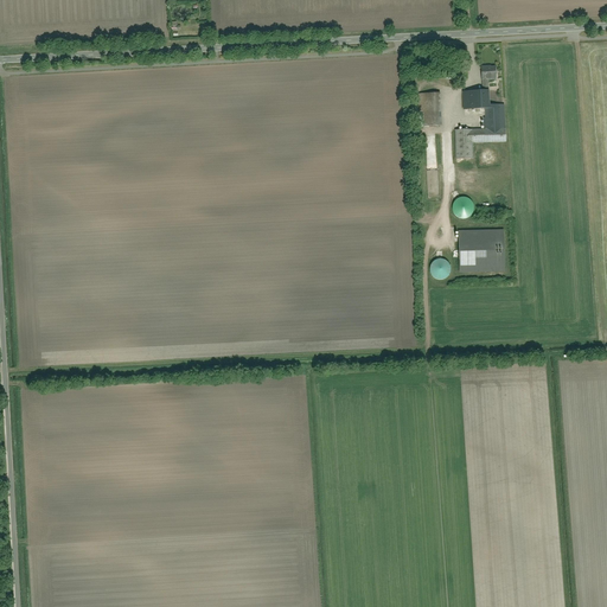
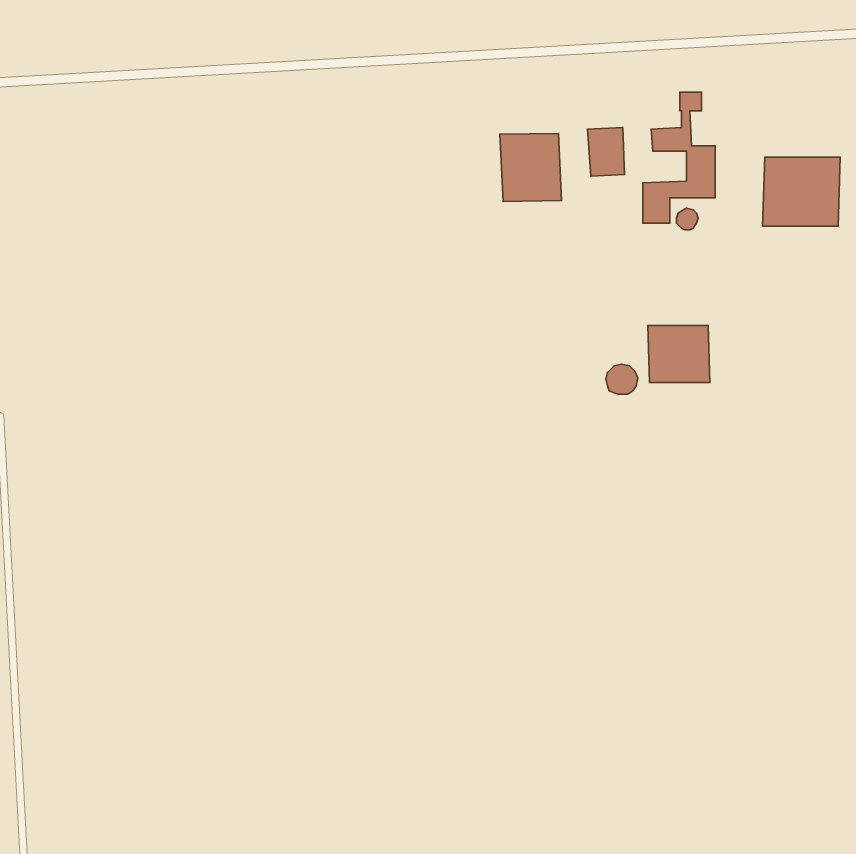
building: none -> [500,133,562,202]
building: none -> [763,157,840,226]

